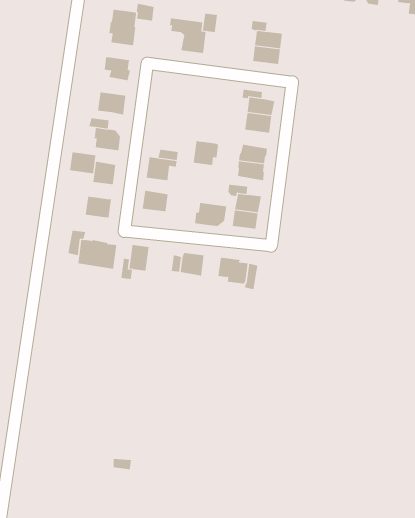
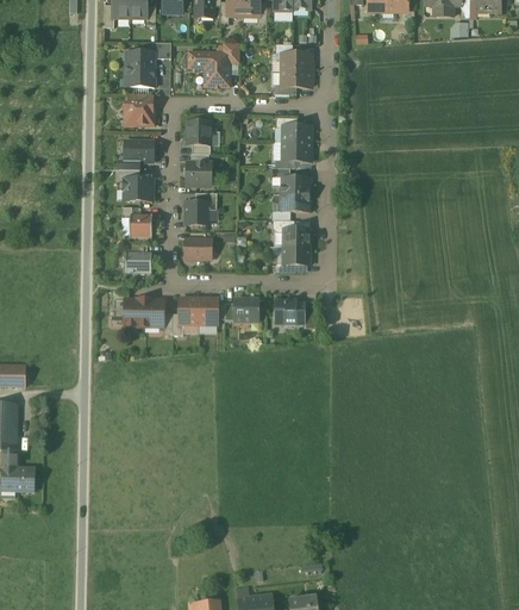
building: none -> [187,122,211,145]
building: [193,141,219,165] -> [187,162,212,186]
building: [70,152,96,174] -> none
building: [194,202,227,227] -> none
building: none -> [199,298,218,324]

